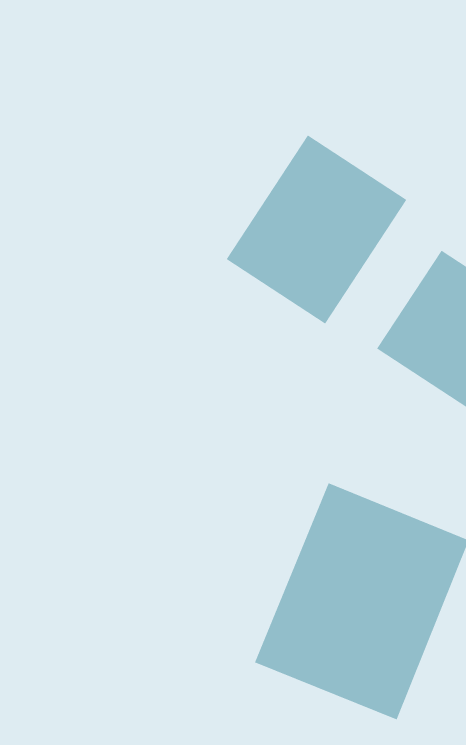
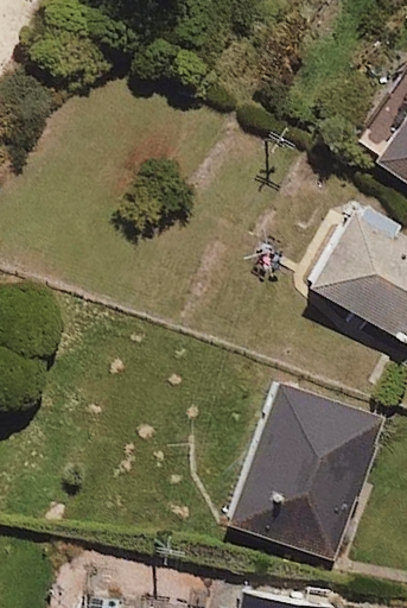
building: [226,135,407,325] -> none

